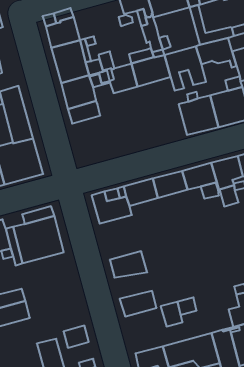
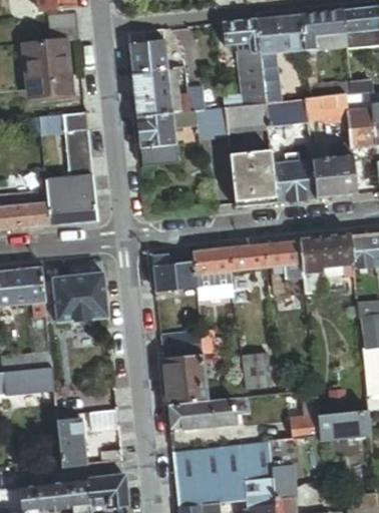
building: none -> [231,148,277,205]
building: none -> [195,271,233,300]
building: none -> [243,353,272,390]
building: none -> [162,357,205,383]
building: none -> [167,400,215,430]

